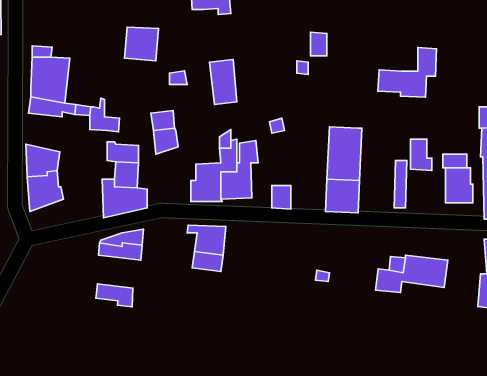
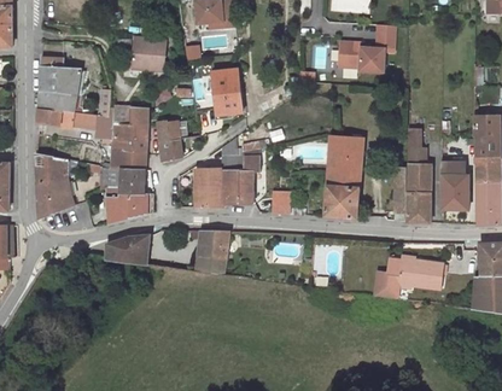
building: [378,47,437,97] -> [337,24,393,72]
building: none -> [113,109,144,153]
building: none -> [407,176,430,223]
building: [96,284,133,307] -> none

